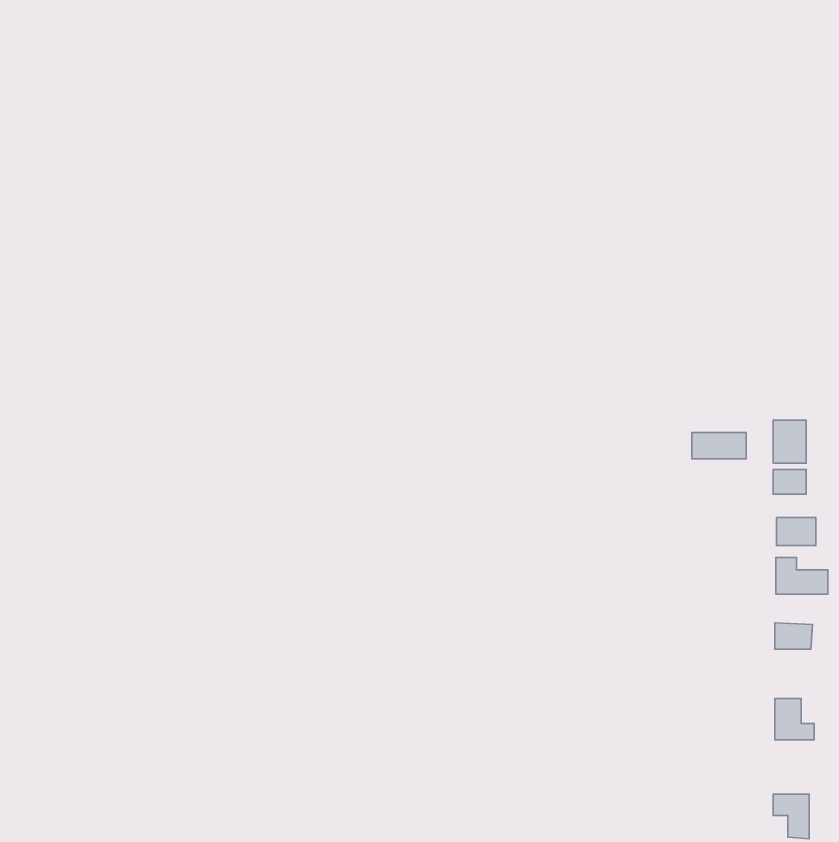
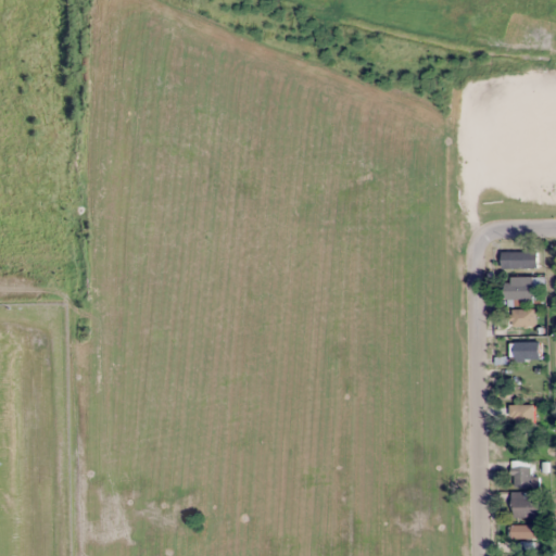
building: [692,433,746,459] -> [501,252,536,269]
building: [776,558,828,594] -> none
building: none -> [510,494,540,518]

